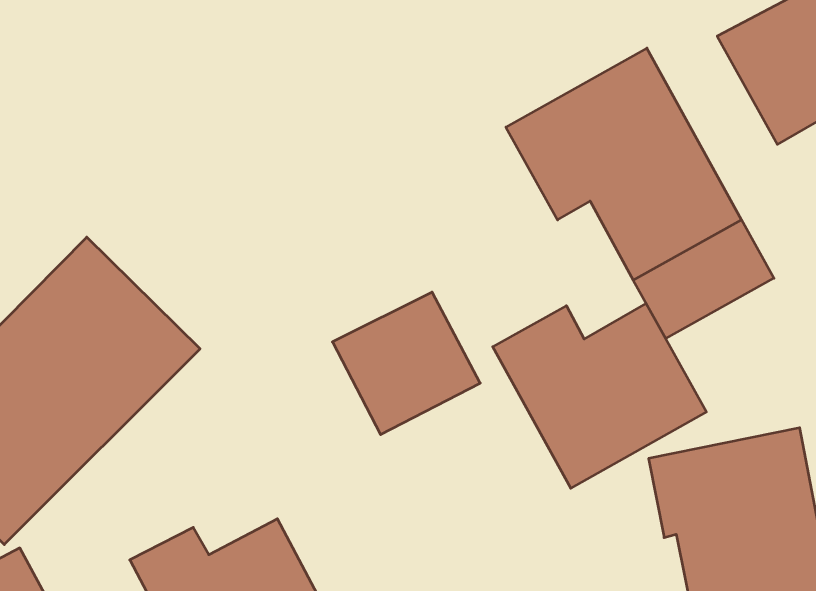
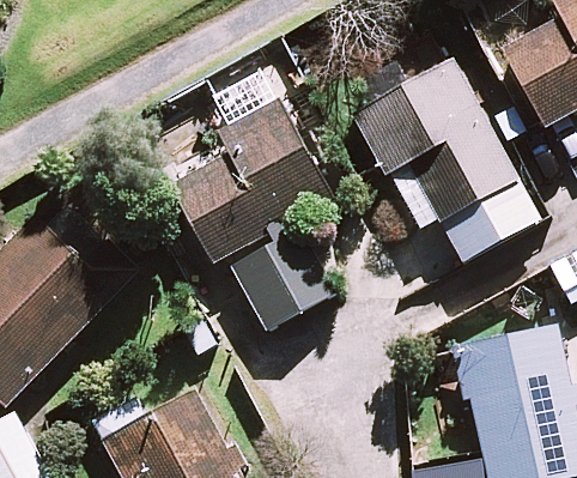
building: none -> [169,97,332,262]
building: [493,304,706,488] -> none

